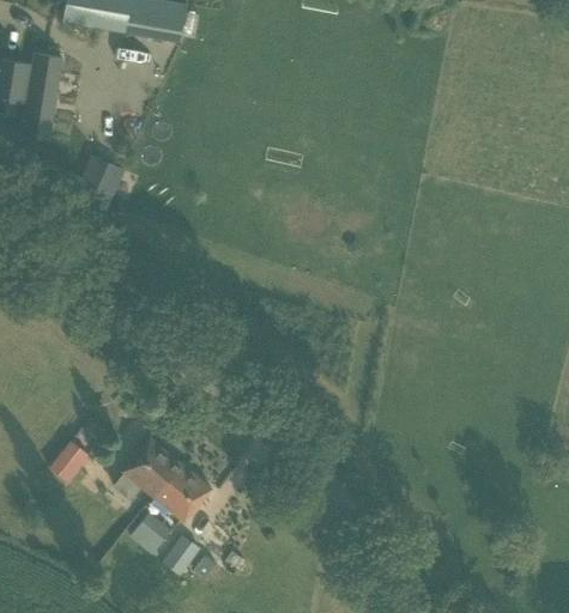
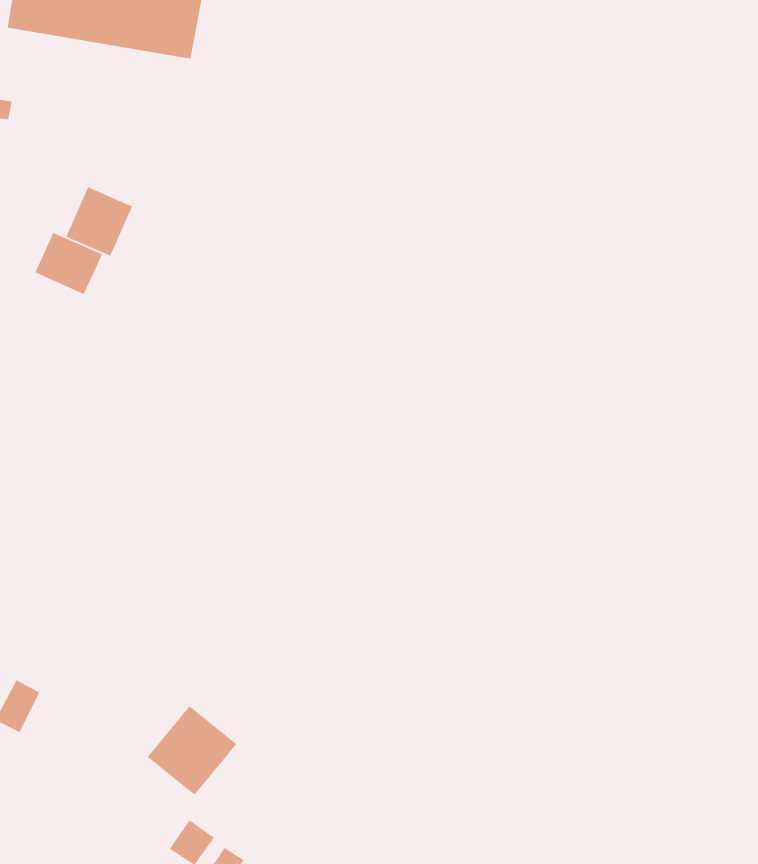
building: none -> [66,187,133,257]
building: [122,438,181,497] -> none
building: [131,515,170,554] -> none

